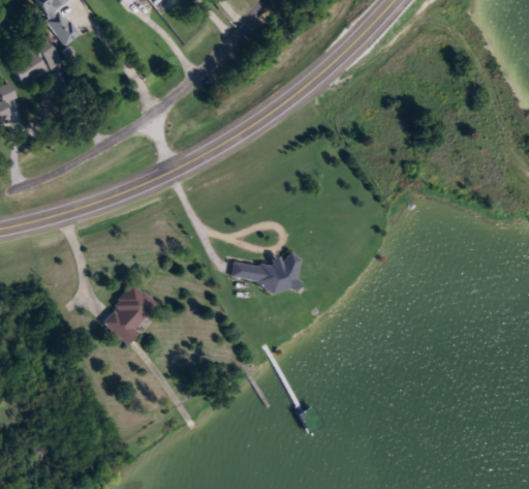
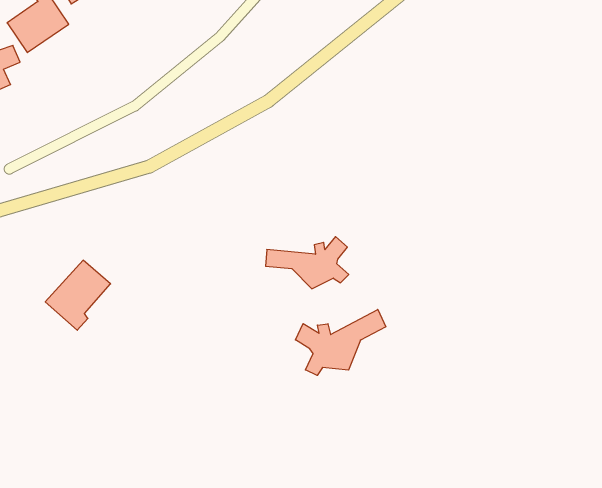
building: [102,284,159,345] -> [45,260,111,330]
building: none -> [295,309,386,375]

